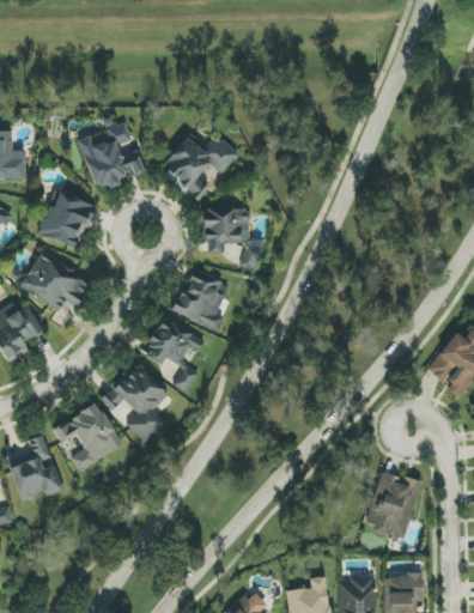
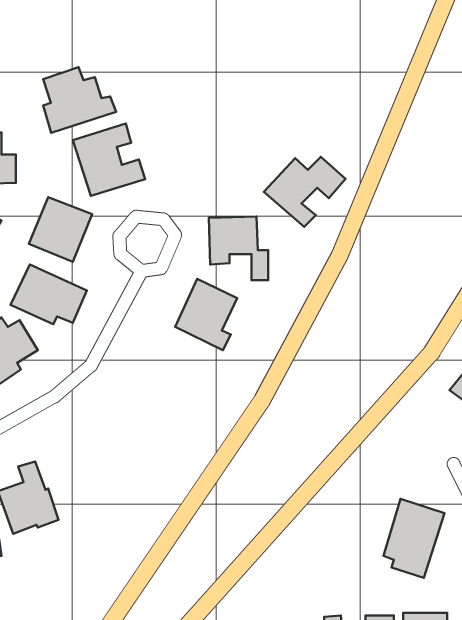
building: none -> [43,67,116,133]
building: [162,134,237,199] -> [264,157,346,227]
building: [144,317,201,389] -> none
building: [99,366,169,443] -> none
building: [51,401,123,472] -> none

